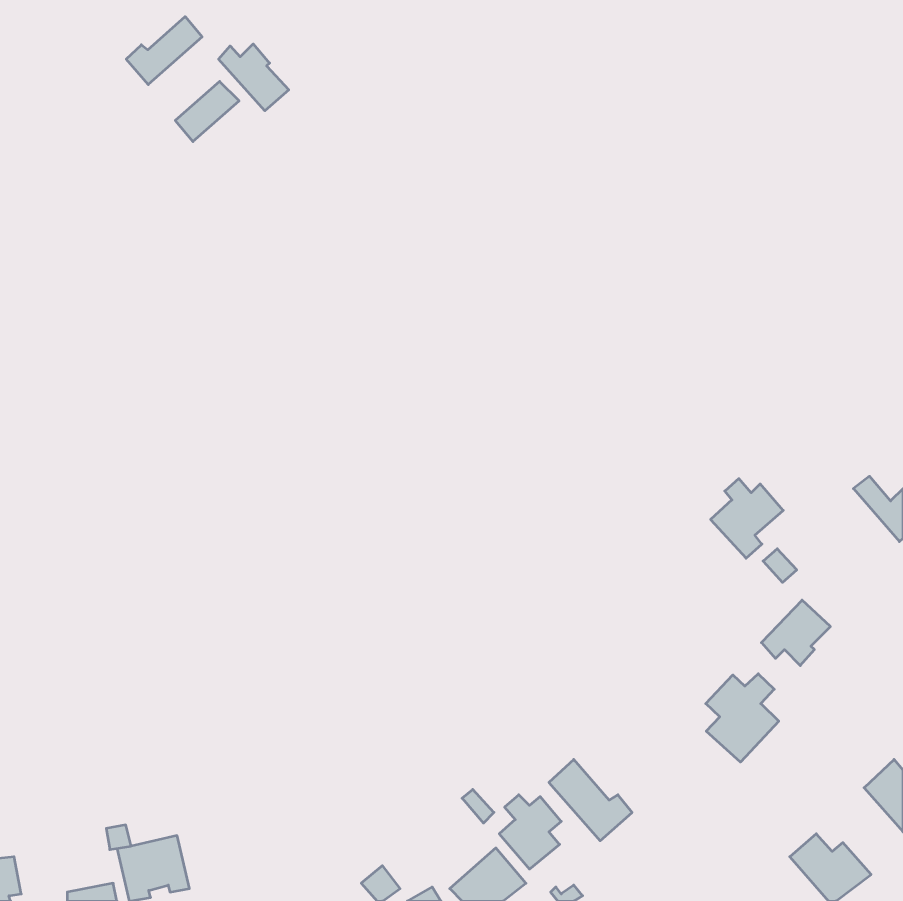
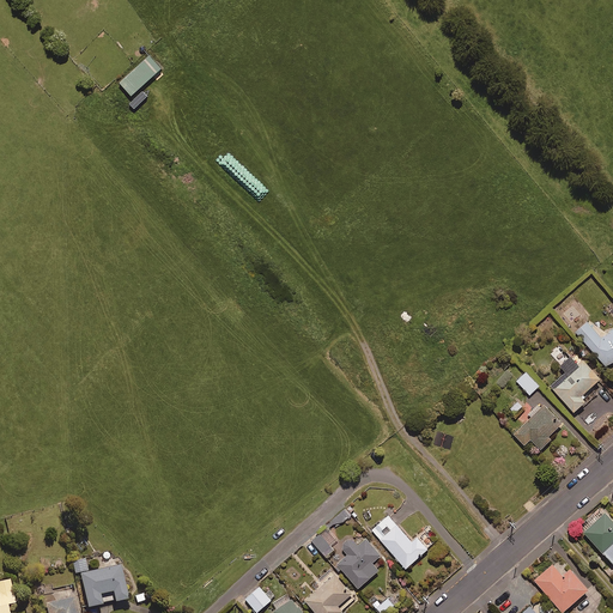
building: [126,17,202,85] -> none
building: [219,44,289,111] -> none
building: [711,479,783,558] -> [551,358,600,412]
building: [706,674,779,762] -> none

